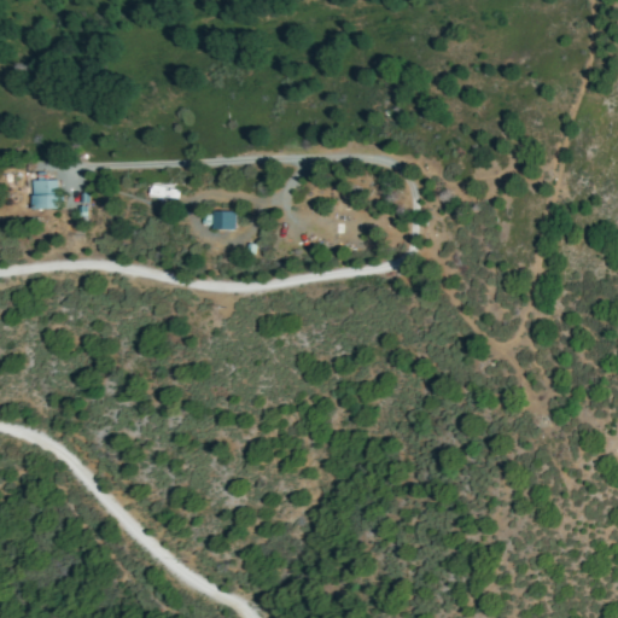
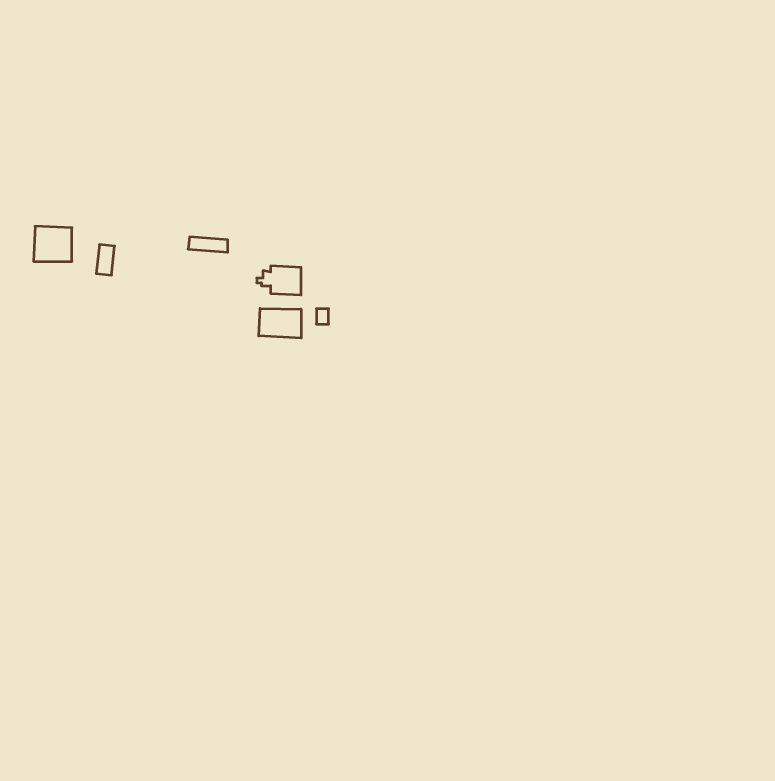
building: none -> [259,308,301,338]

